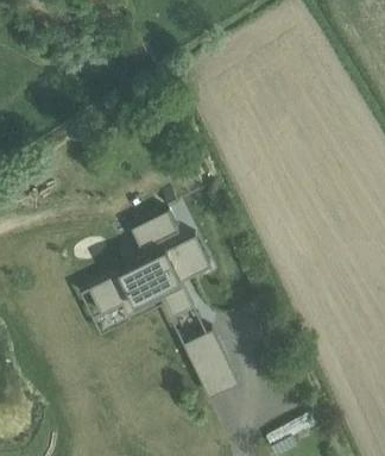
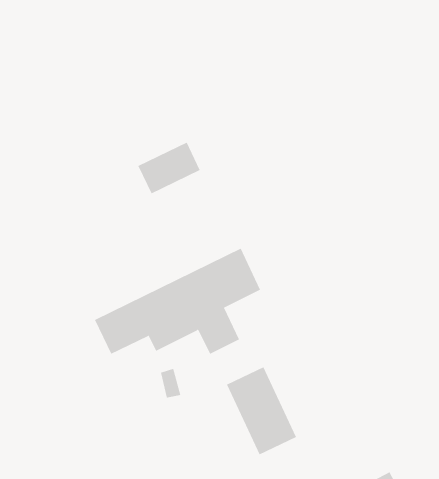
building: [130,208,179,250] -> [138,142,201,194]

